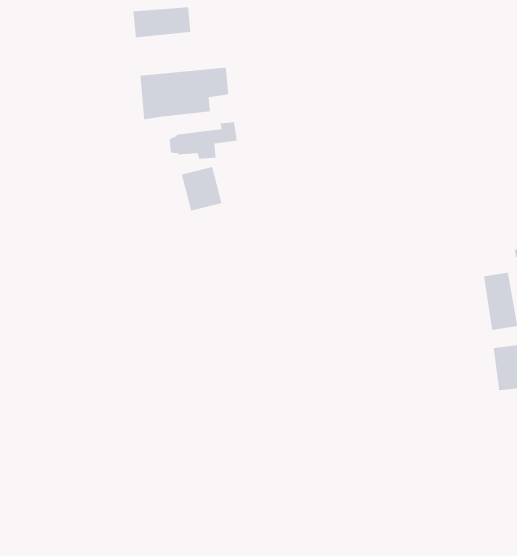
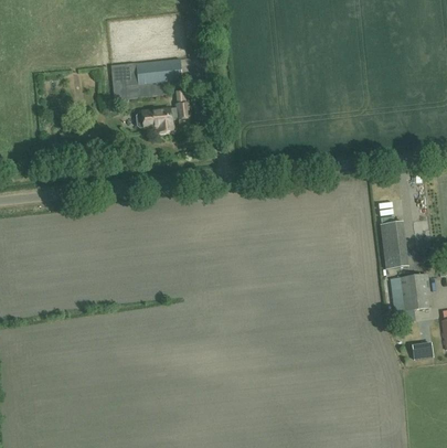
building: [133,7,191,38] -> none
building: [181,166,222,212] -> none

